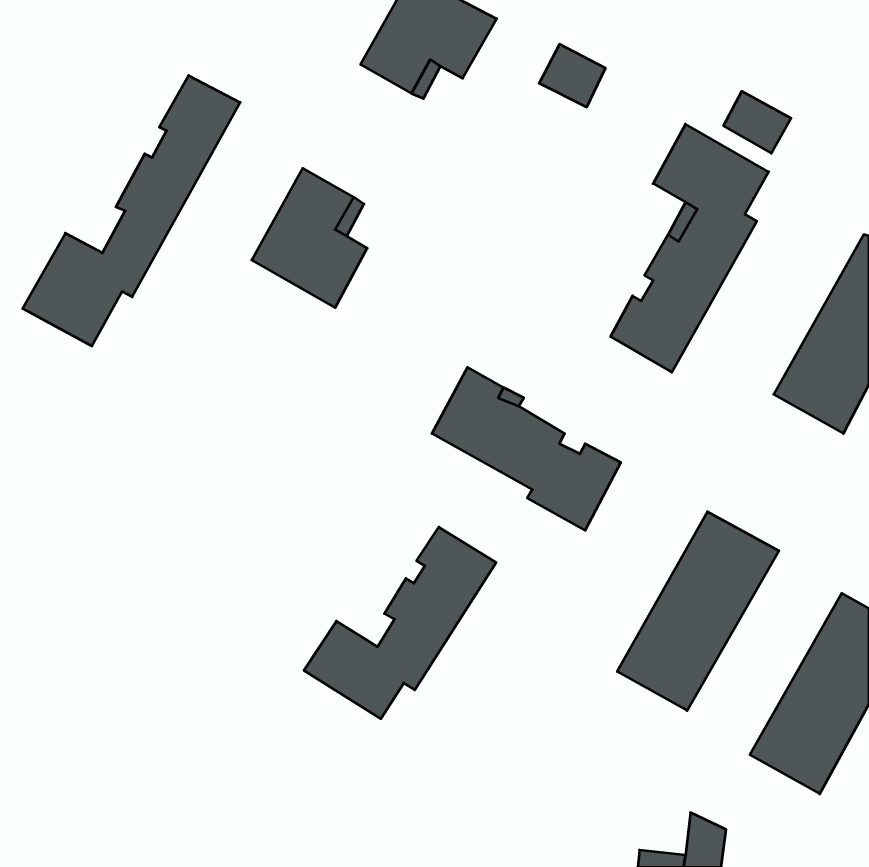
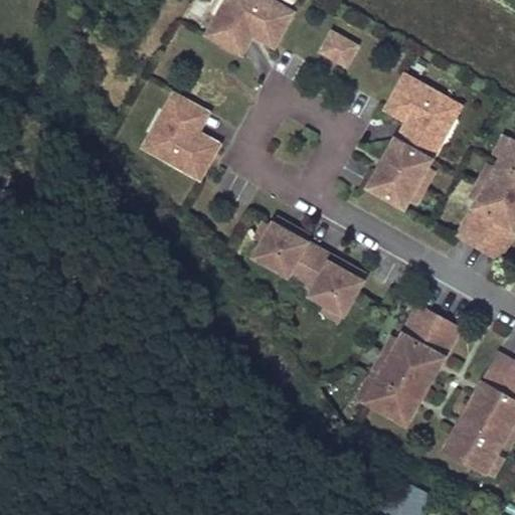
building: [23,75,240,346] -> none
building: [724,91,791,153] -> none
building: [304,527,496,719] -> none

